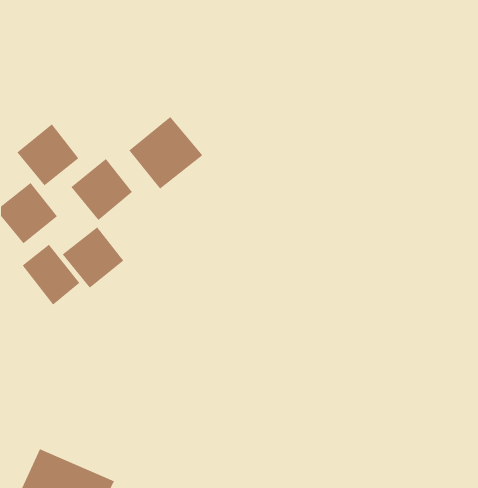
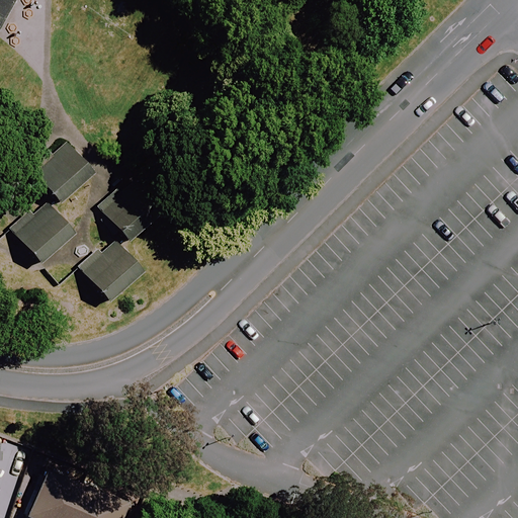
building: [128,116,203,189] -> none
building: [22,244,80,305] -> none

